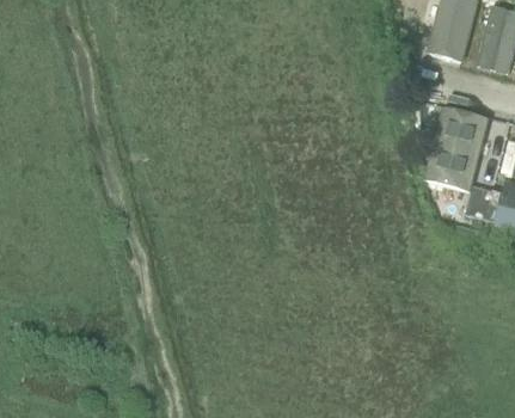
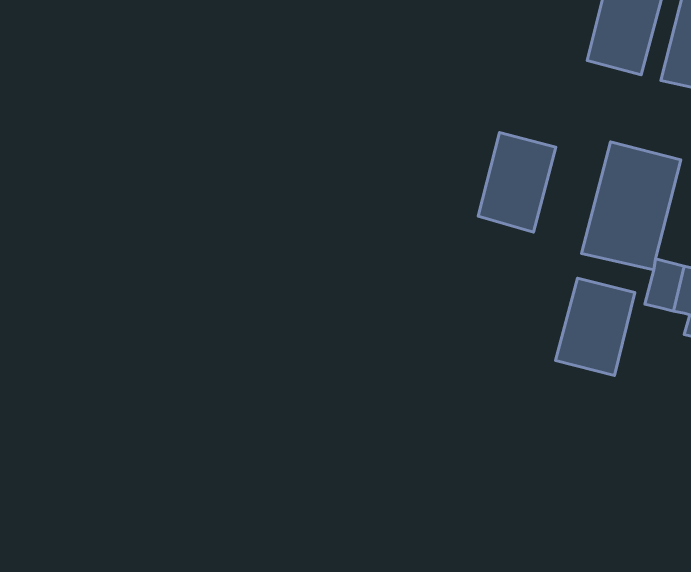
building: none -> [478,133,556,232]
building: none -> [556,278,635,376]

